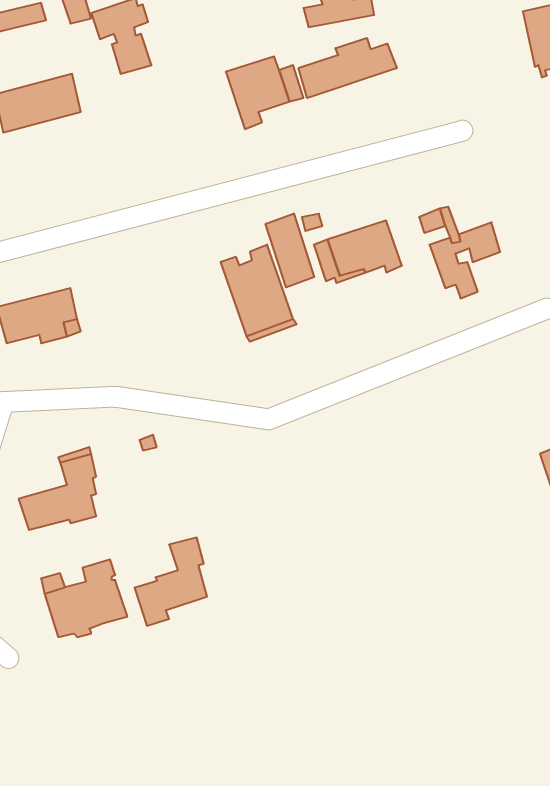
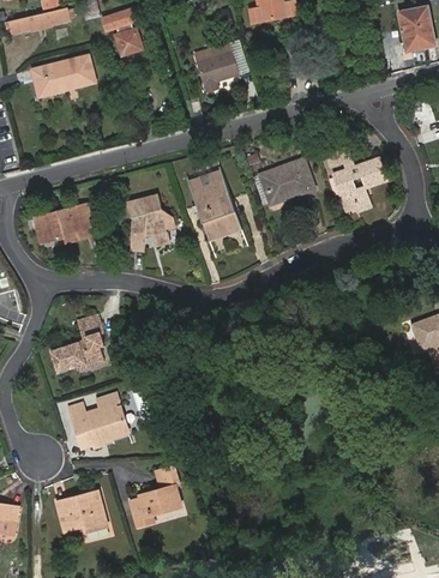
building: [299,38,397,98] -> none
building: [266,213,314,287] -> none
building: none -> [126,195,173,248]
building: [135,538,207,626] -> [128,463,179,524]
building: none -> [55,489,104,530]

